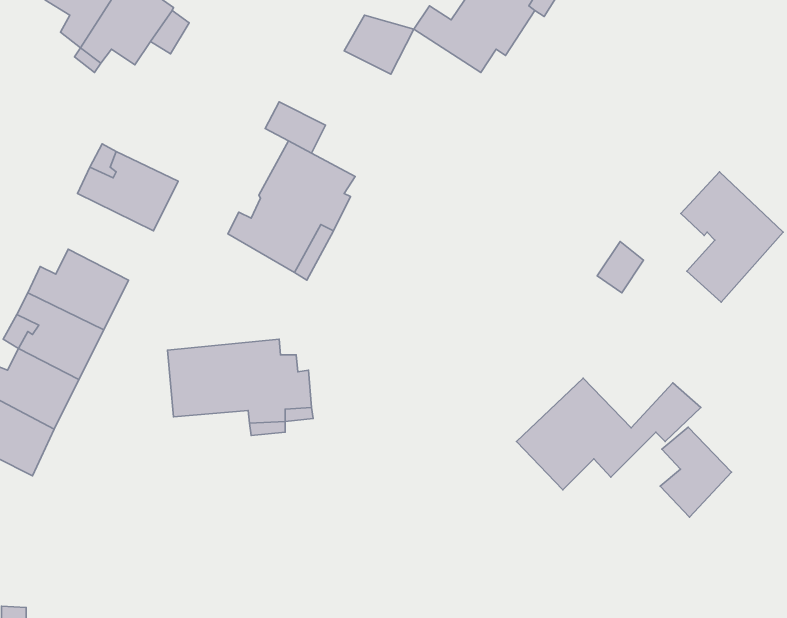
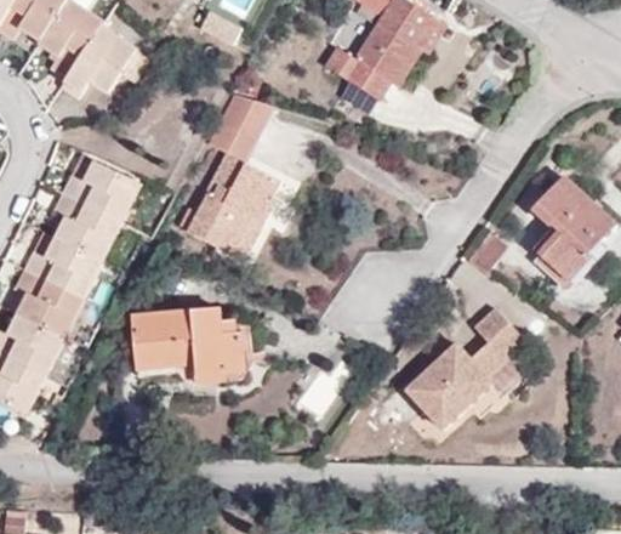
building: [344,15,414,74] -> [218,95,273,141]
building: none -> [51,194,120,262]
building: [660,427,732,517] -> [471,307,526,377]

